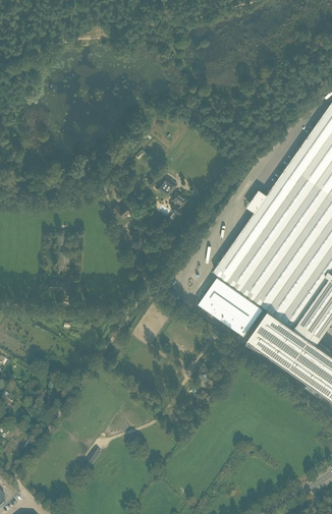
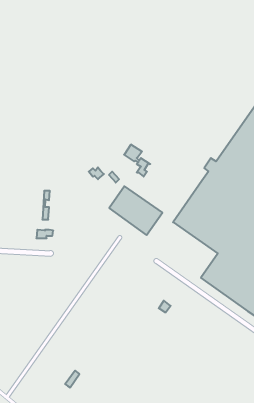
building: [198,278,262,337] -> [109,186,162,235]

